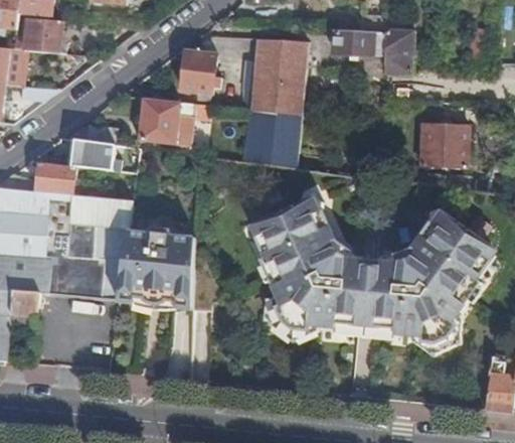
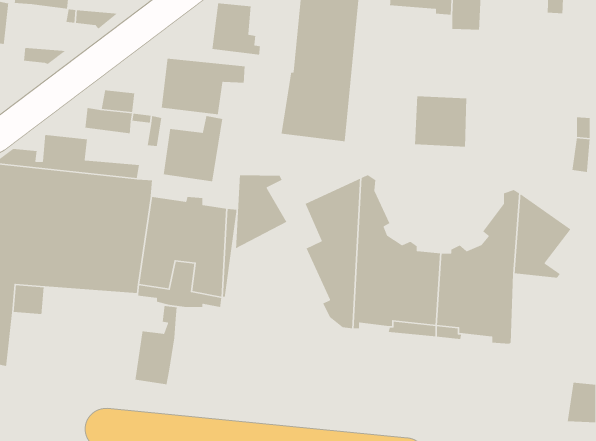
building: [421,123,467,167] -> [414,96,467,147]
building: none -> [163,115,223,182]
building: none -> [235,175,287,249]
building: [438,281,477,340] -> none
building: none -> [135,305,177,385]

